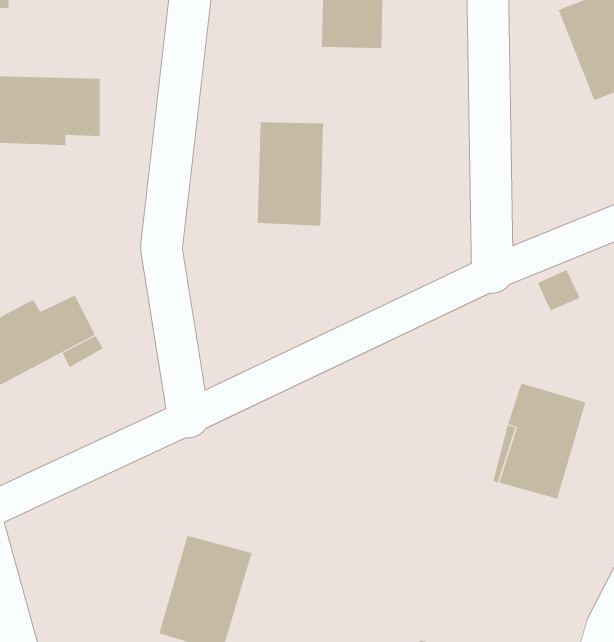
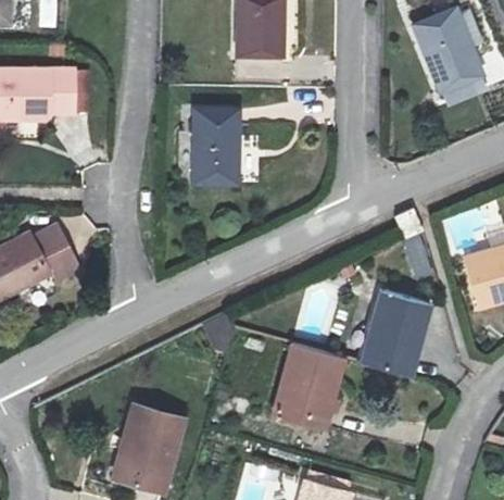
building: none -> [272,345,343,429]

